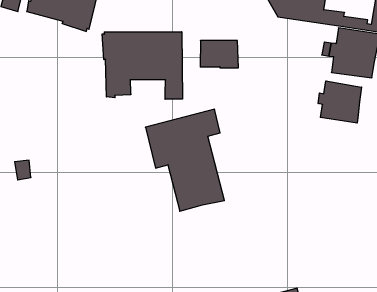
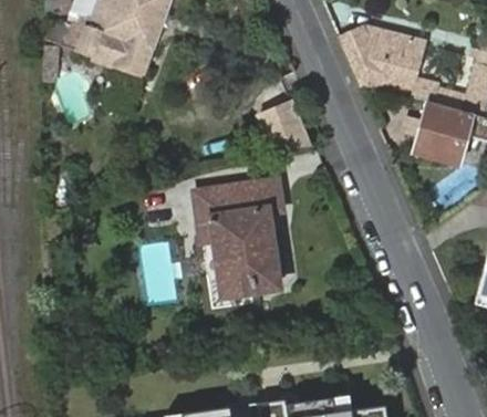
building: [102,32,182,99] -> none
building: [318,81,362,123] -> none

